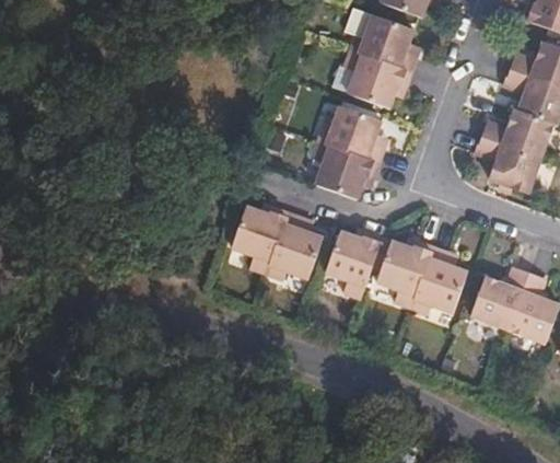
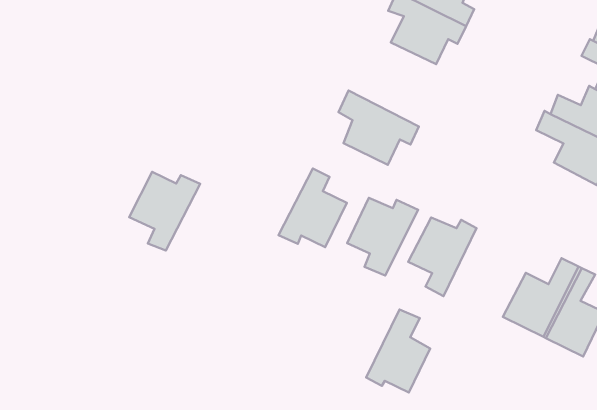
building: [312,106,383,163] -> none
building: [231,205,289,271] -> [129,172,200,250]
building: [415,245,467,316] -> [366,309,430,393]

